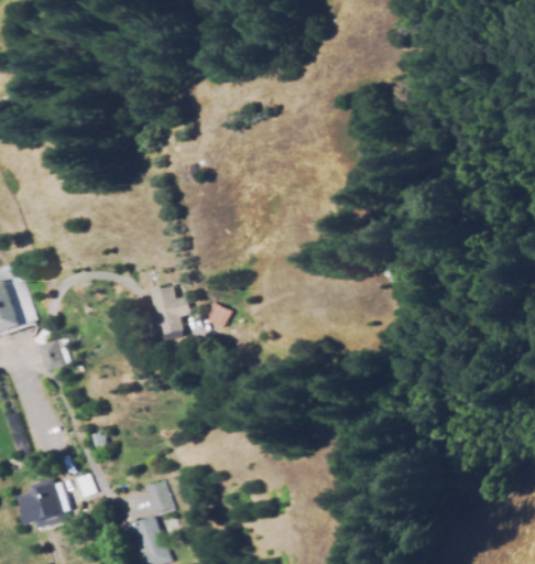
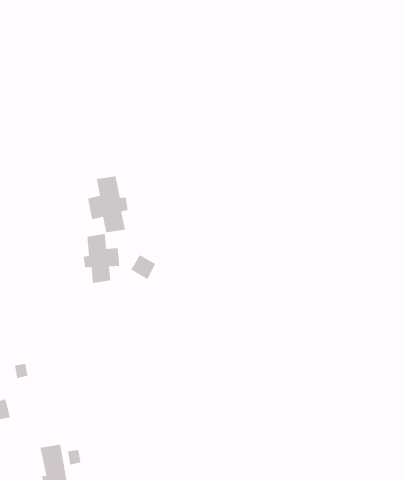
building: none -> [87,175,129,233]
building: [145,482,173,514] -> none

